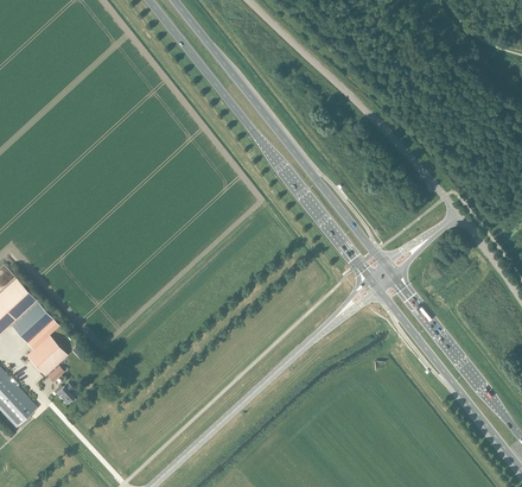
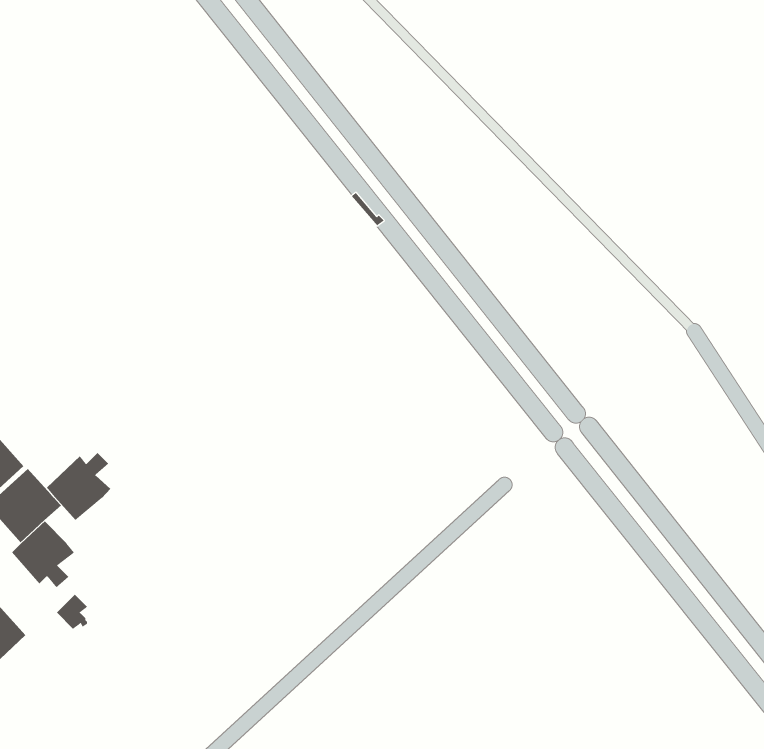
building: none -> [46,452,111,521]

